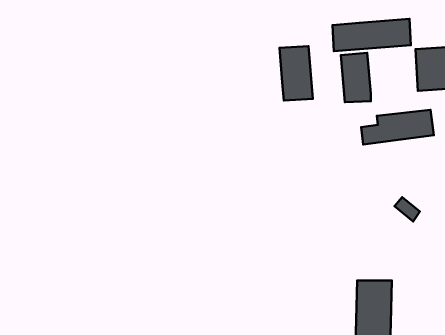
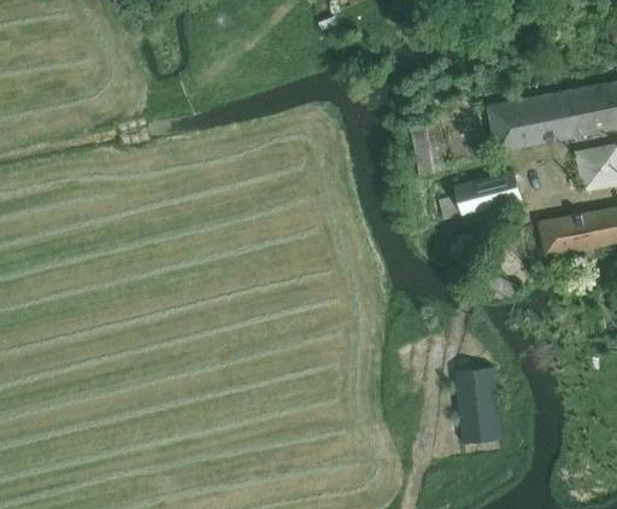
building: [333,19,411,51] -> none
building: [280,46,313,101] -> none

